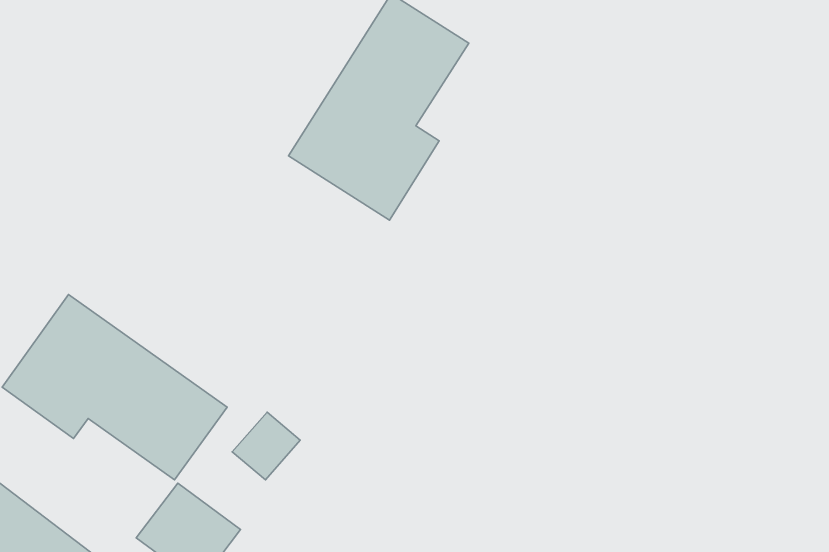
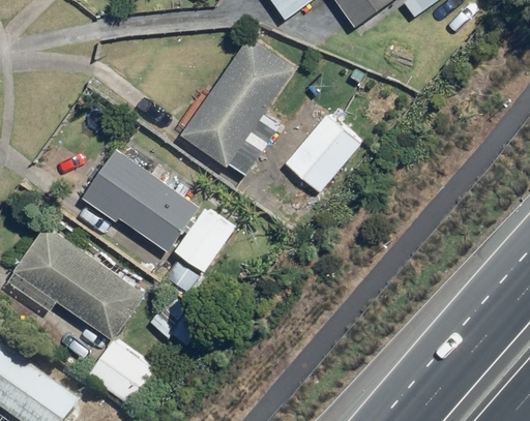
building: none -> [283,115,359,193]
building: none -> [81,150,199,252]
building: none -> [177,210,233,270]

